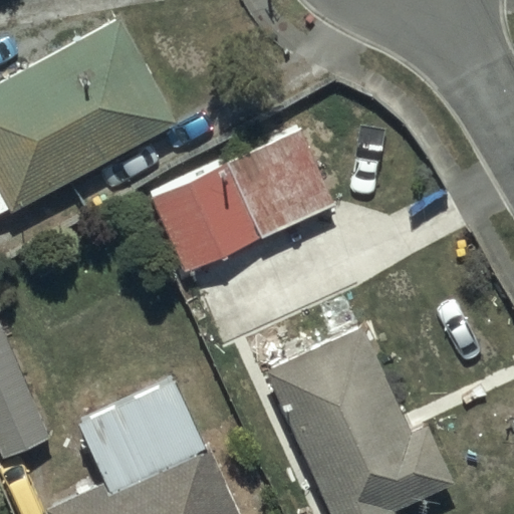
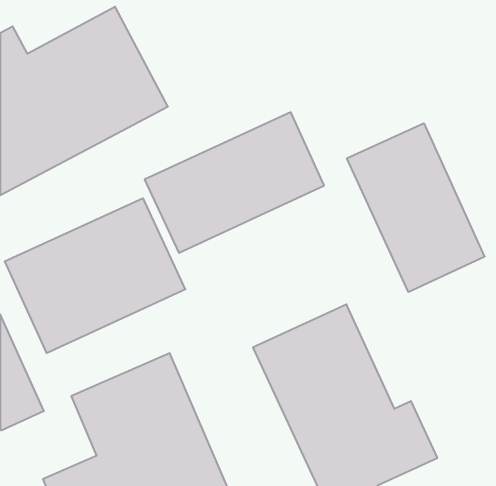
building: none -> [347,123,485,292]
building: none -> [5,198,185,353]

